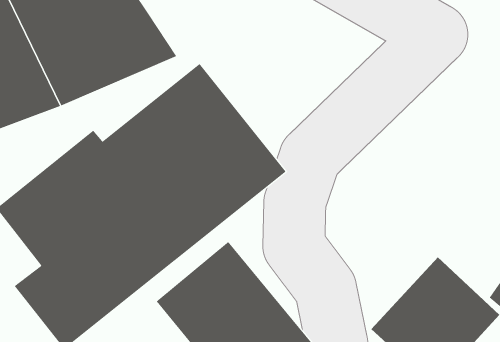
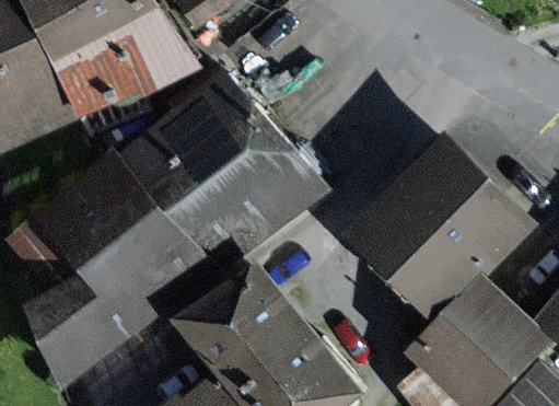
building: none -> [348,138,516,305]

